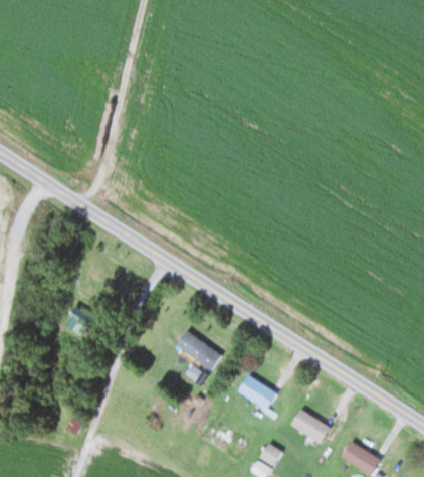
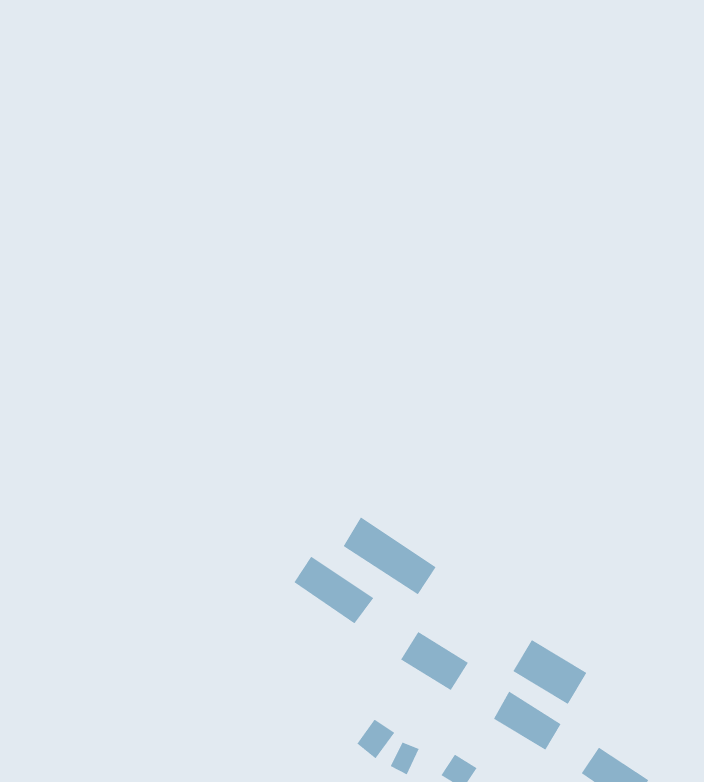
building: none -> [343,516,437,595]
building: none -> [512,639,587,705]

